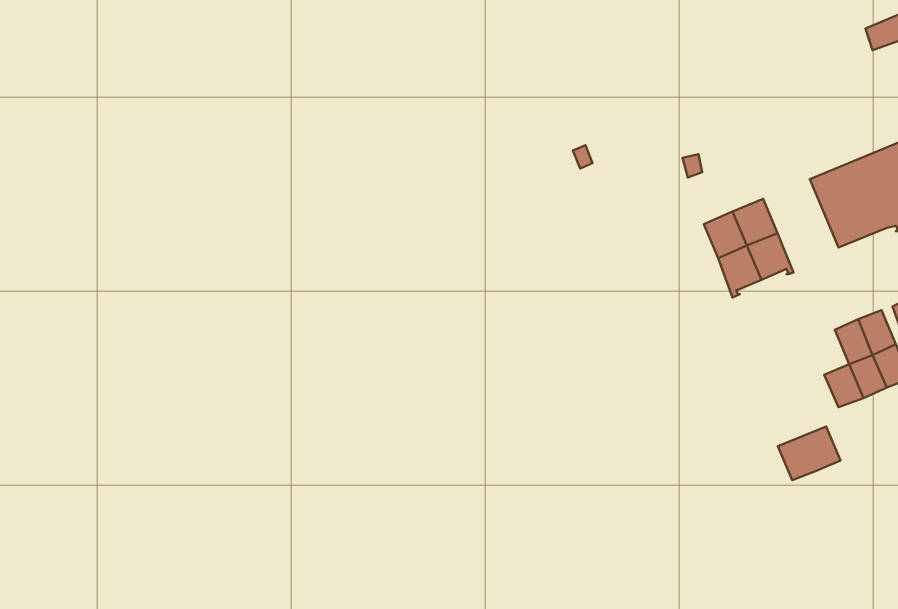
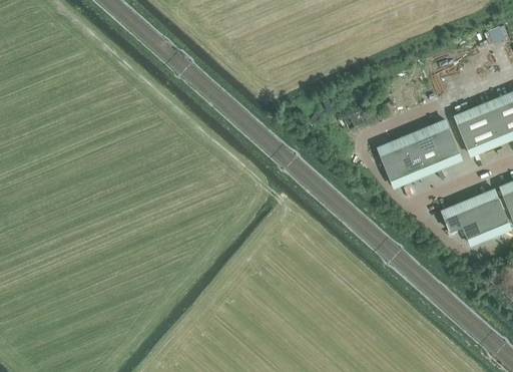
building: none -> [428,119,461,167]
building: none -> [378,140,411,185]
building: [778,426,841,480] -> [441,200,476,230]

